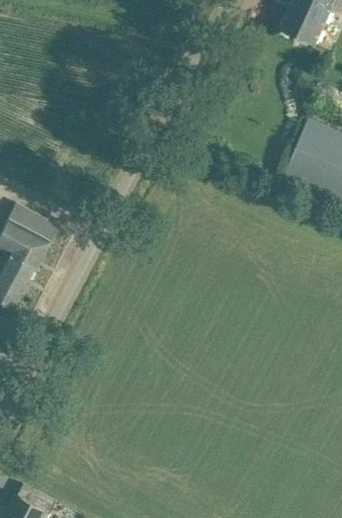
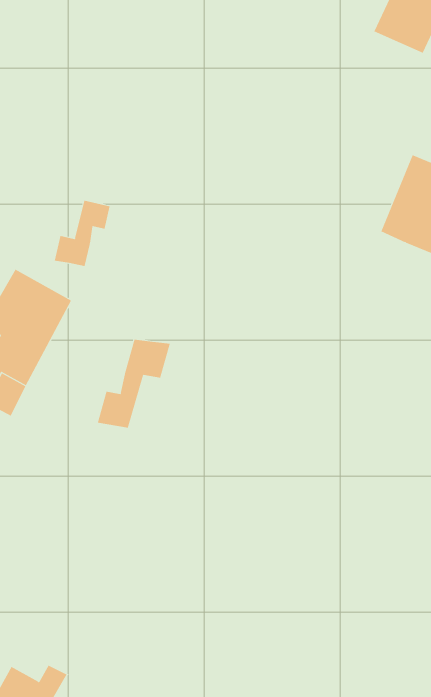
building: none -> [54,200,110,267]
building: none -> [97,339,171,429]

